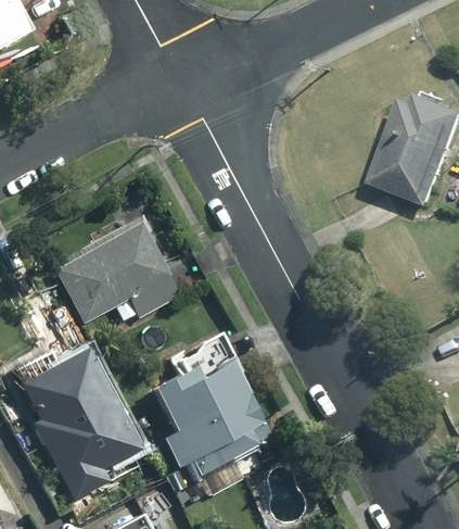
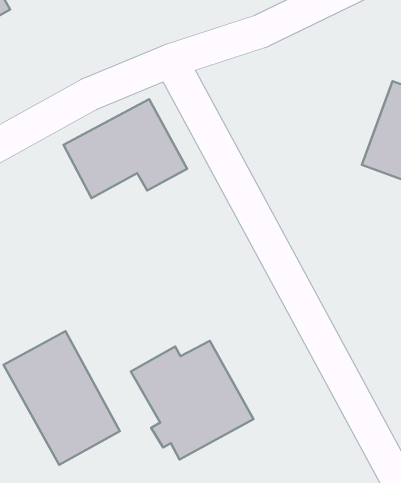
building: [58,223,181,322] -> [63,99,187,198]

